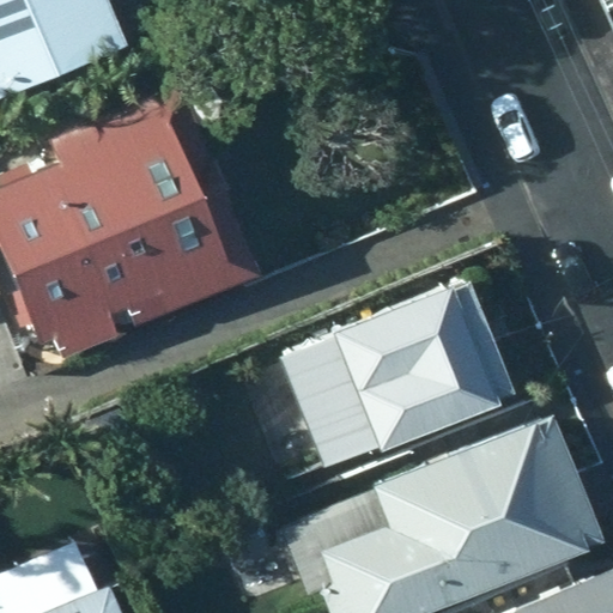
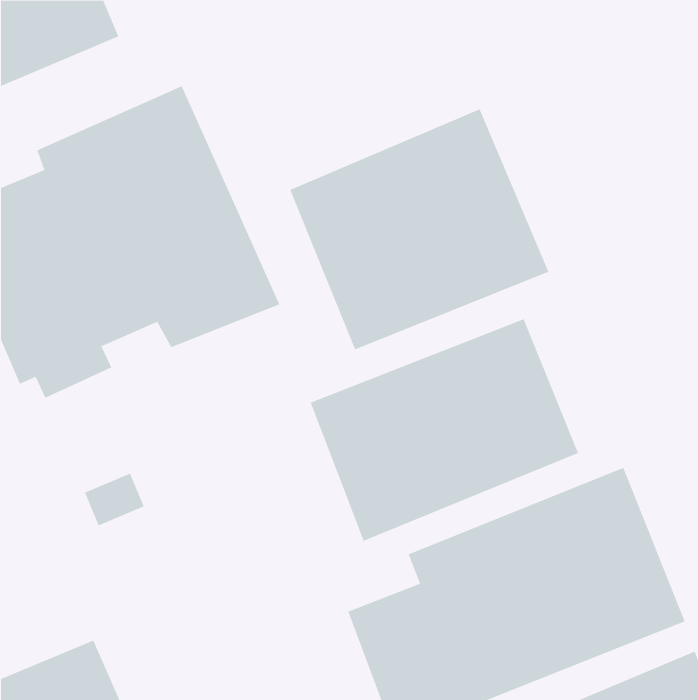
building: none -> [290,108,549,350]

